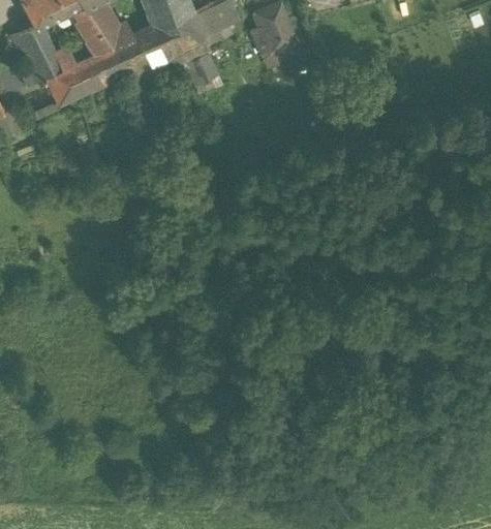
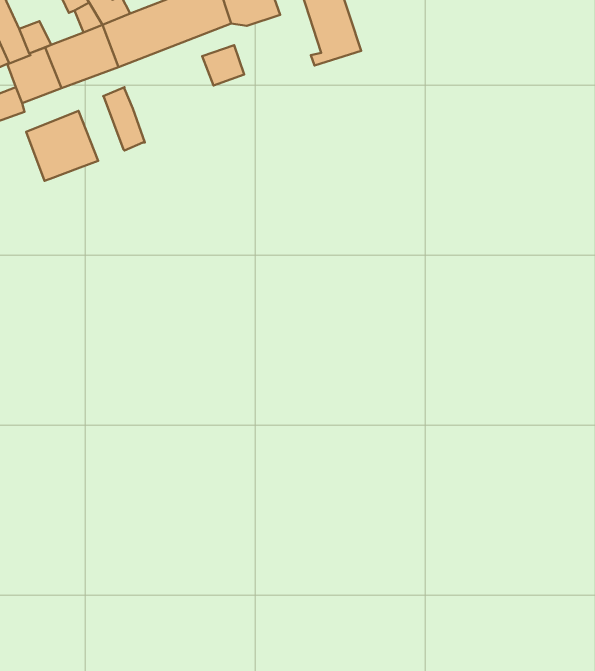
building: none -> [103,87,145,150]
building: none -> [26,111,98,181]

